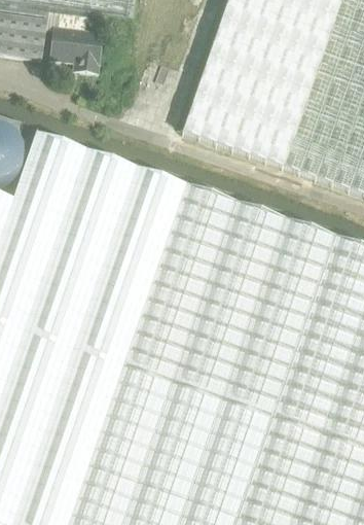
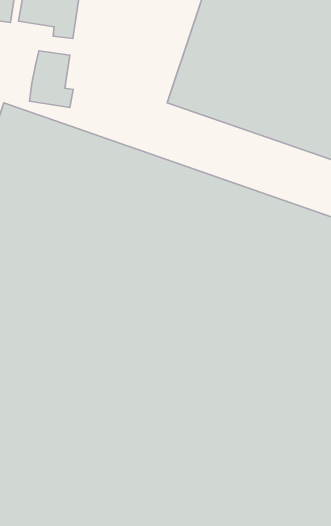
building: none -> [30,51,73,107]

